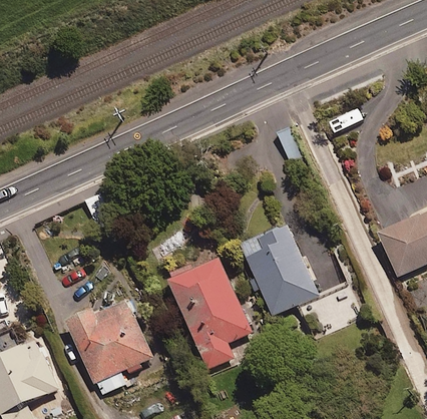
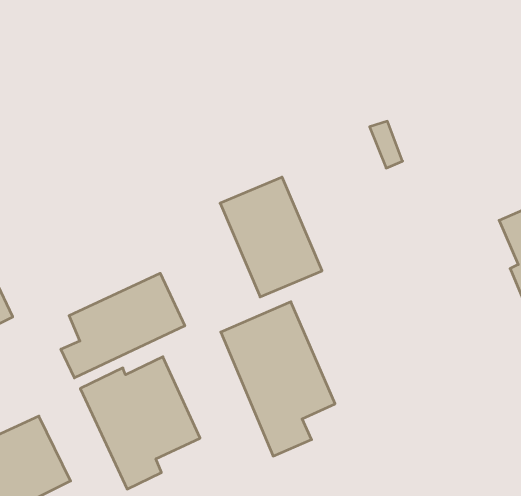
building: [243,227,317,314] -> [220,177,322,297]
building: none -> [61,273,185,378]

